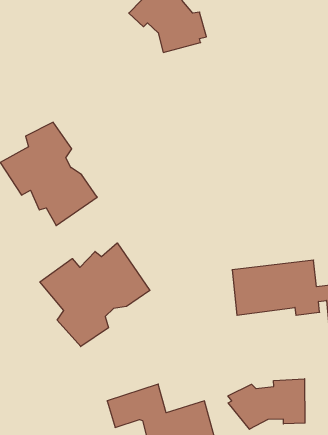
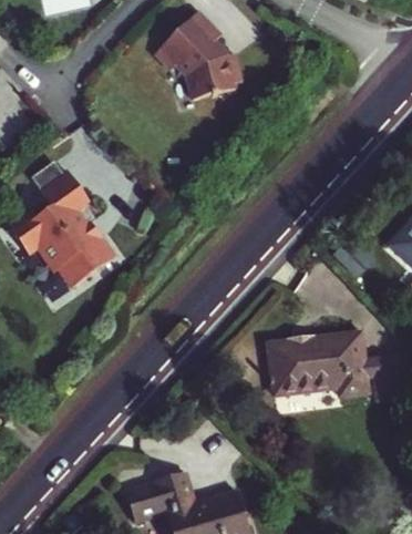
building: [40,243,150,347] -> none
building: [228,379,305,429] -> none

